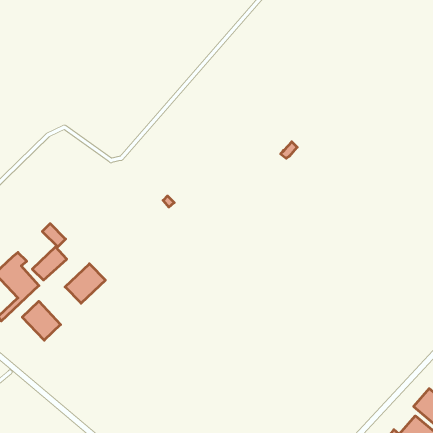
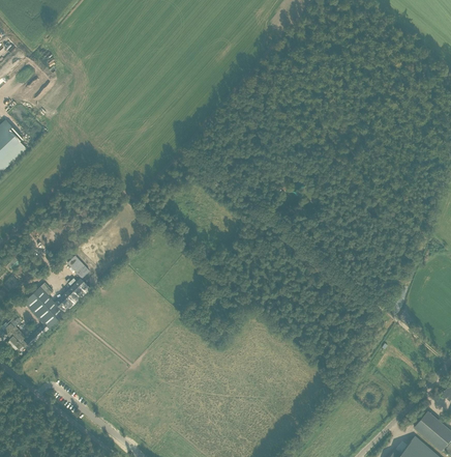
building: [65,264,105,303] -> none
building: [22,301,61,340] -> none

